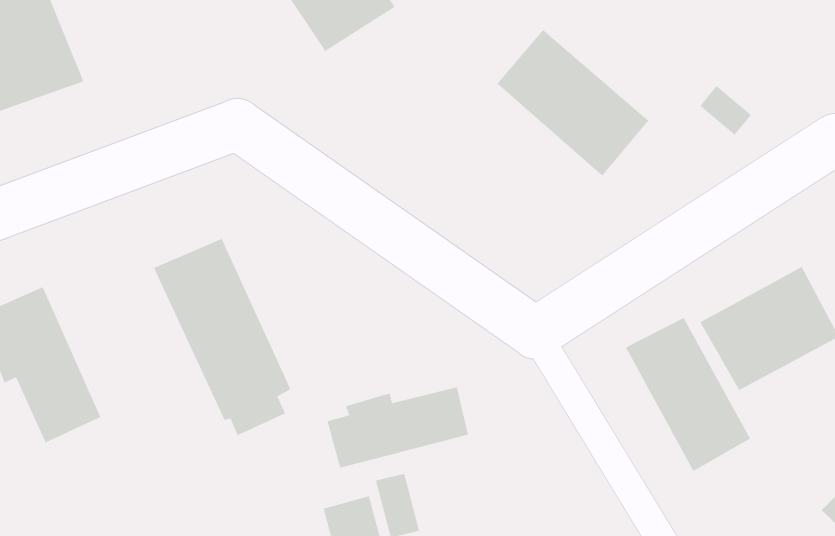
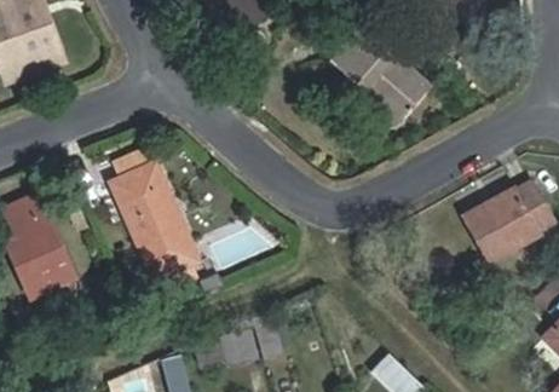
building: [625,317,751,472] -> none
building: [327,387,469,469] -> none

